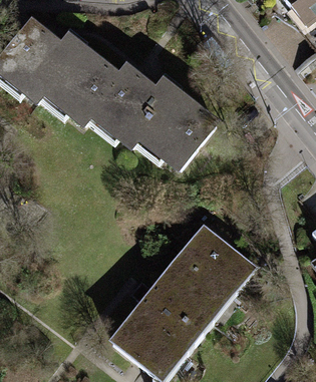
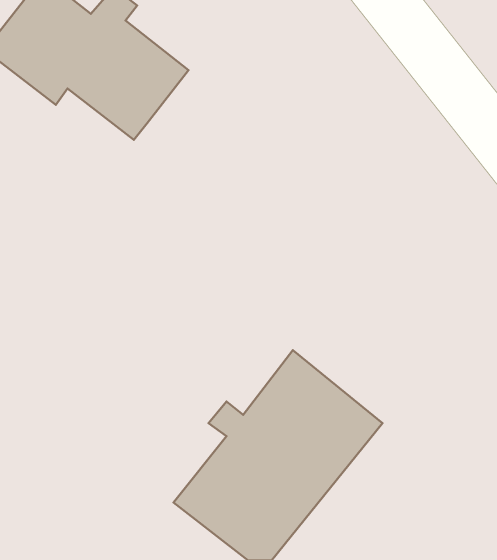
building: [95,71,217,167] -> none
building: [184,224,260,294] -> none

